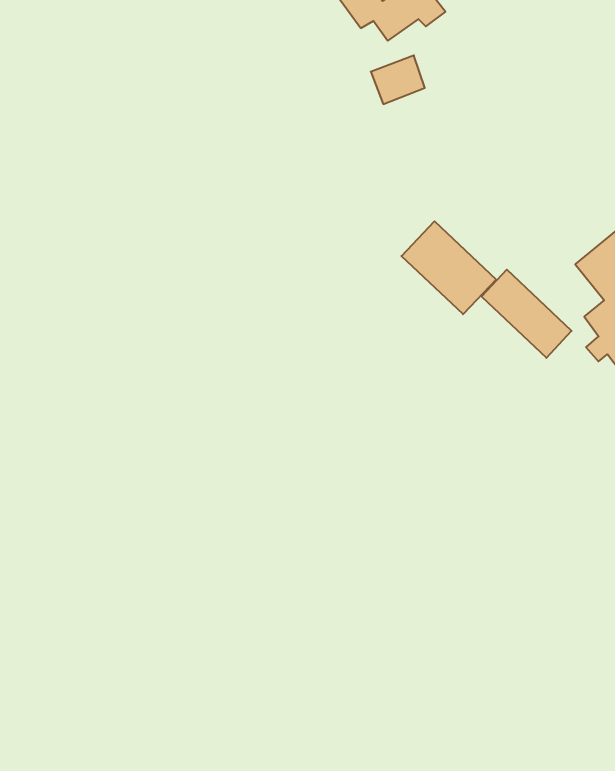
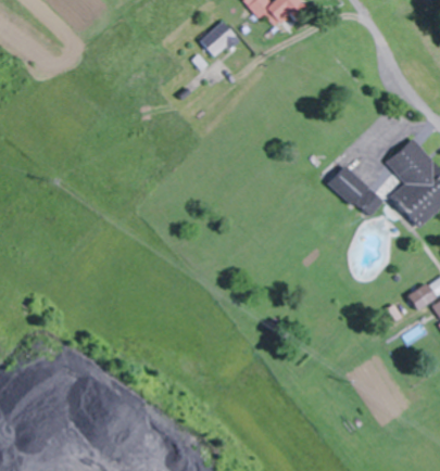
building: [371,55,425,104] -> [201,24,234,53]
building: [401,221,496,314] -> none

